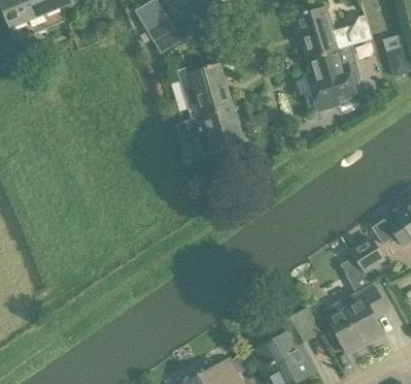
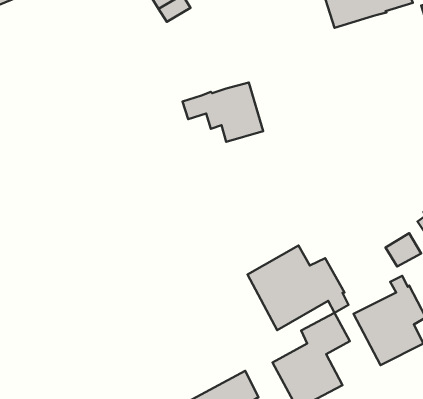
building: [307,46,362,110] -> none
building: [177,64,233,119] -> none
building: none -> [247,246,349,330]

